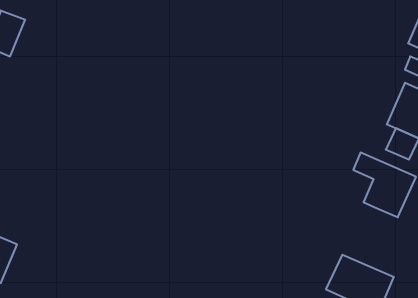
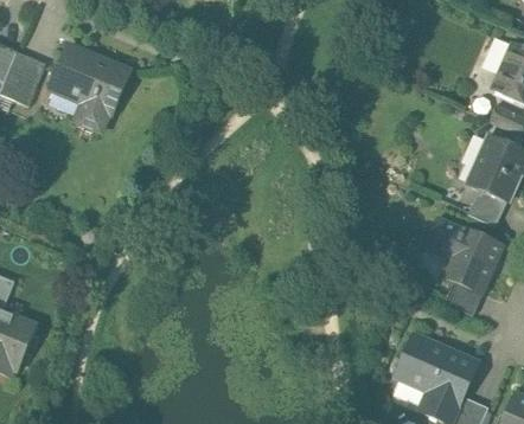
building: none -> [50,44,129,130]
building: none -> [445,281,481,314]

